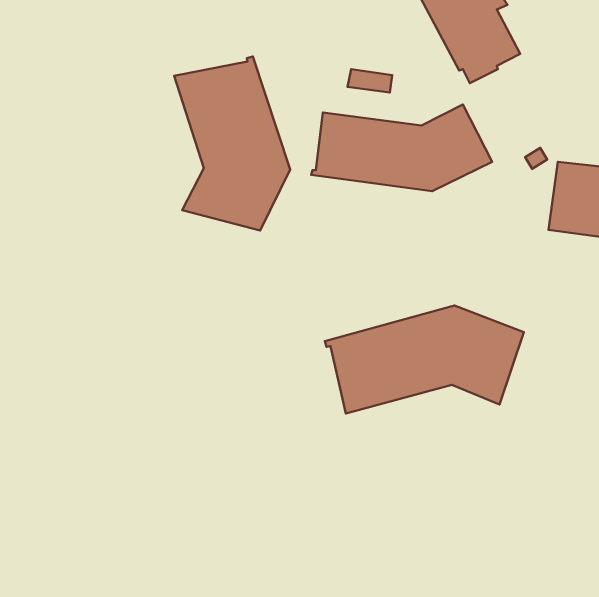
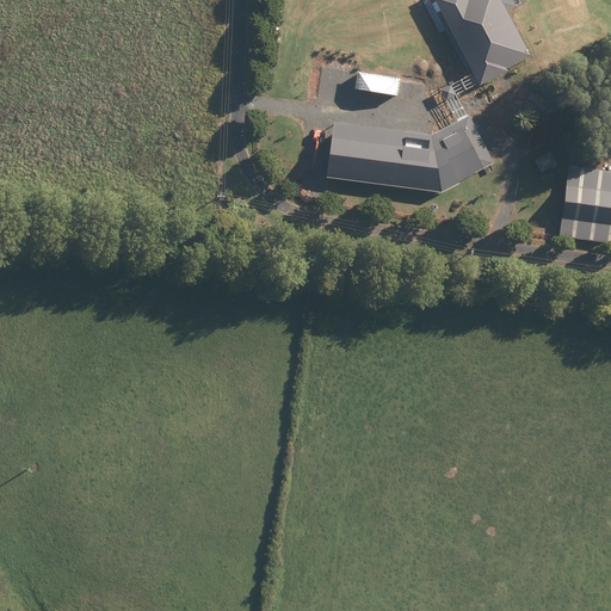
building: [174,56,290,230] -> none
building: [325,306,524,413] -> none

